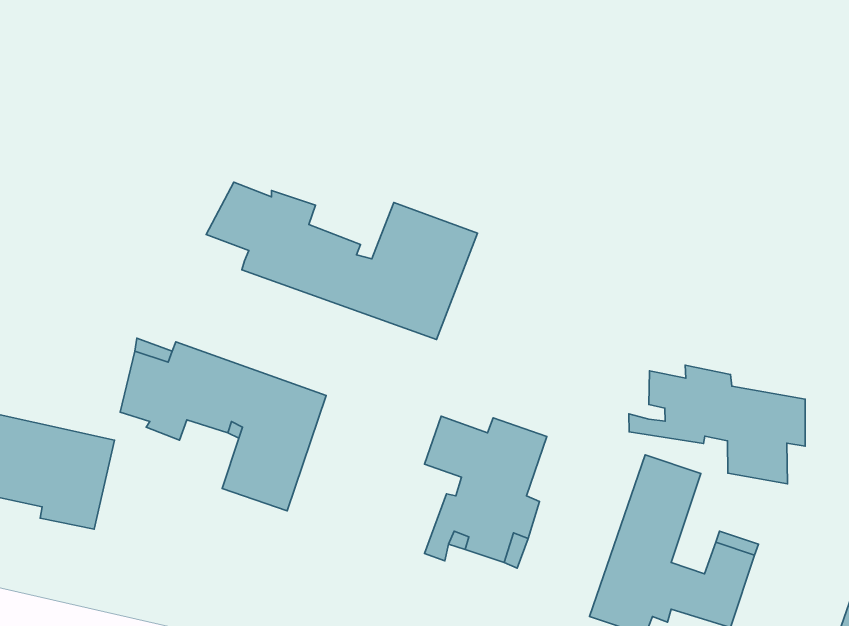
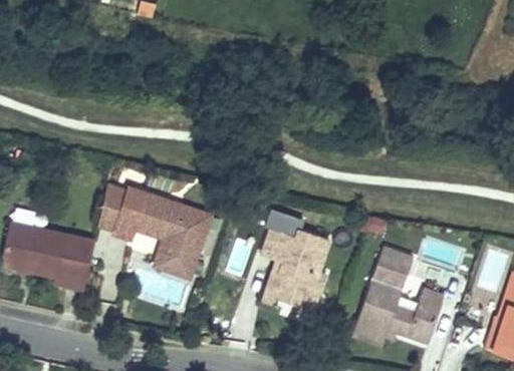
building: [206,182,477,339] -> none
building: [629,365,805,484] -> none

